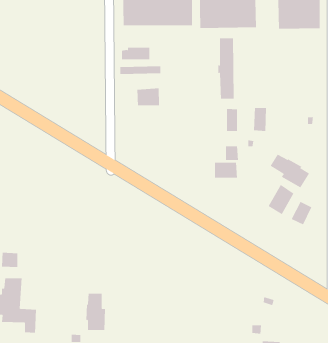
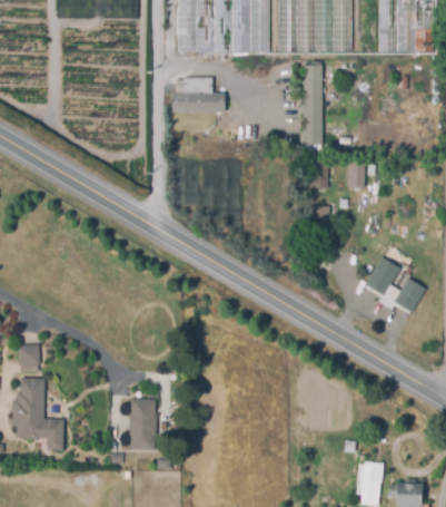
building: [137,88,160,106] -> none
building: [270,154,310,188] -> none
building: [214,162,238,178] -> none

